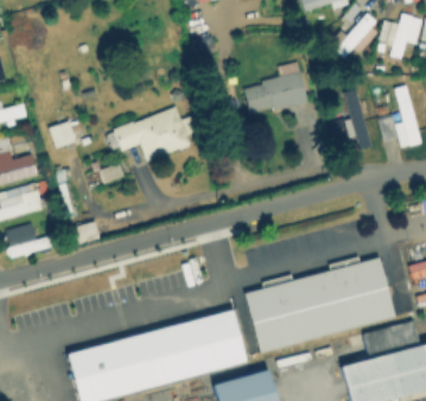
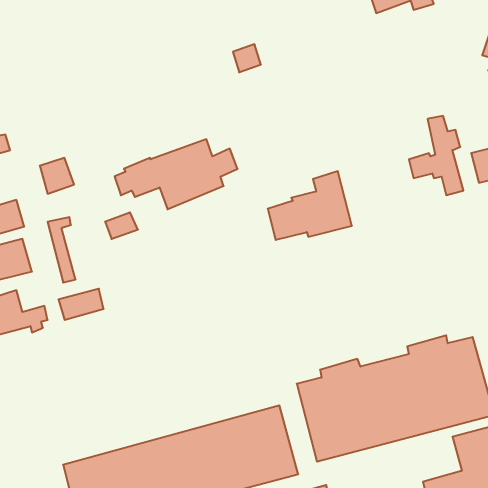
building: [328,13,377,58] -> none
building: [243,61,307,113] -> [268,171,352,240]

